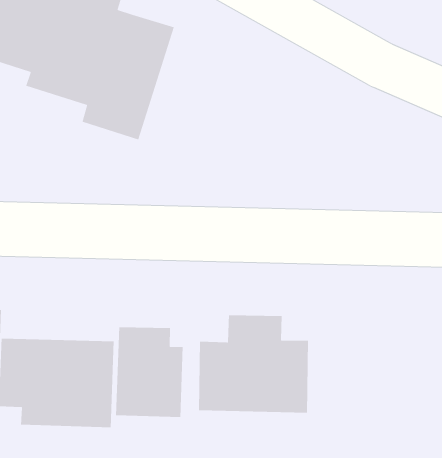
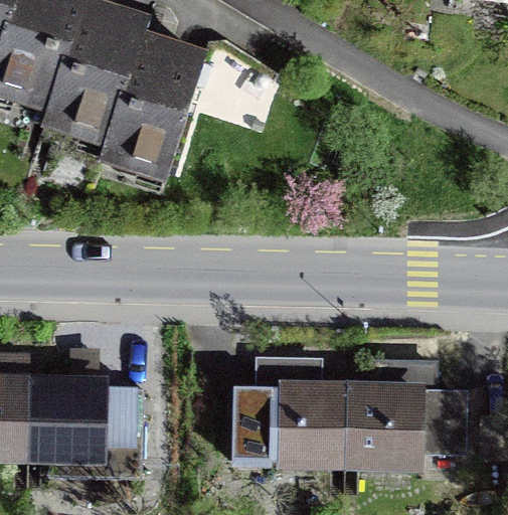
building: none -> [342,362,459,465]
building: [115,327,184,418] -> none

